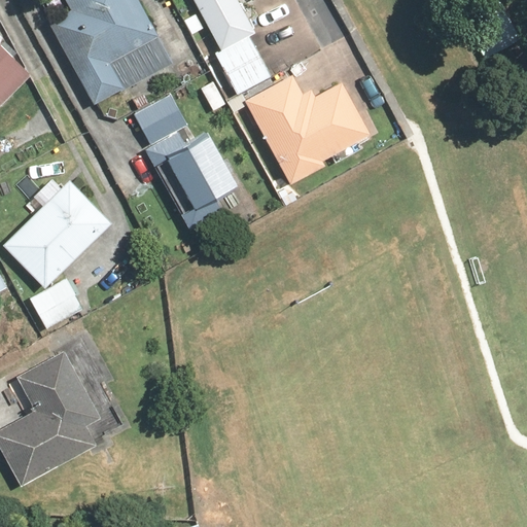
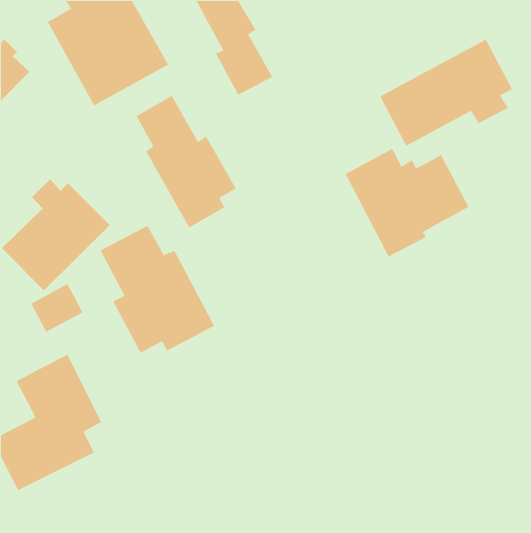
building: none -> [379,39,513,147]
building: [246,75,370,183] -> [344,148,470,257]
building: none -> [100,225,215,354]

